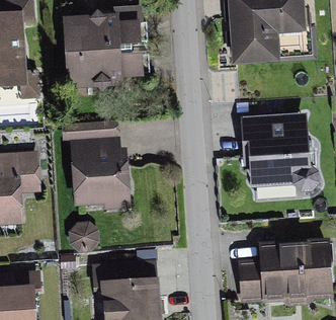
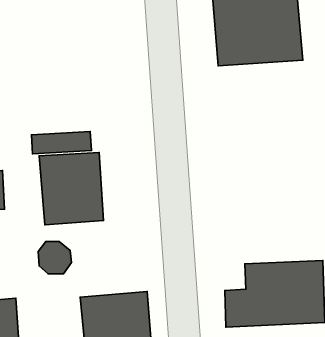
building: [62,13,140,89] -> none
building: [245,113,310,185] -> none

